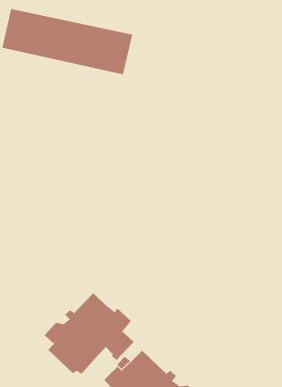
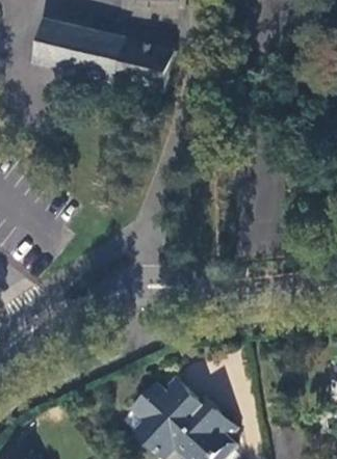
building: [44,292,135,375] -> none

